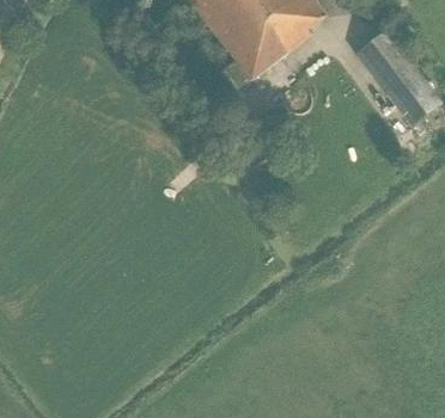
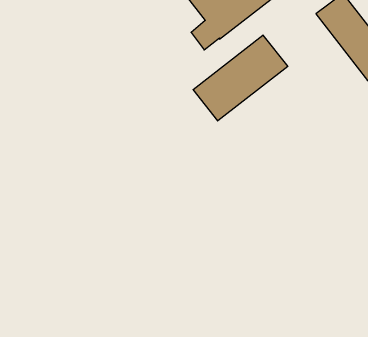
building: none -> [193,35,288,121]

